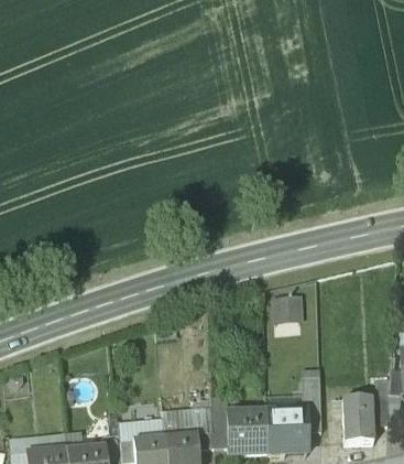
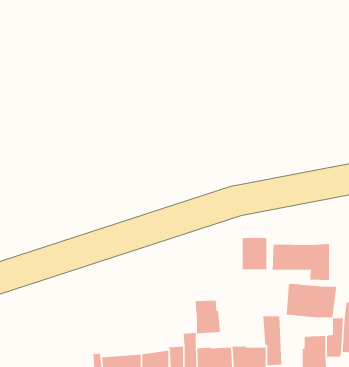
building: none -> [272,243,329,281]
building: none -> [286,283,337,318]
building: none -> [195,300,220,334]

